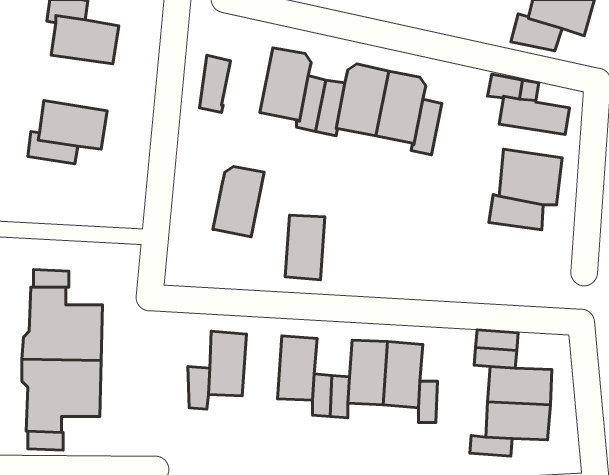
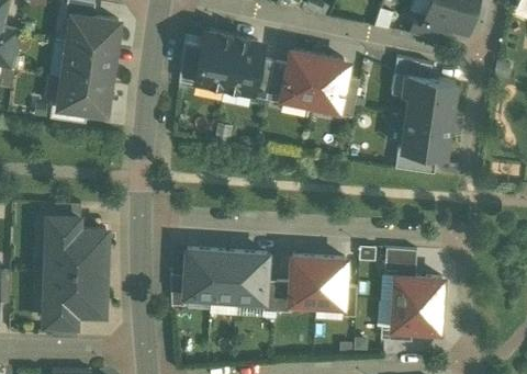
building: none -> [61,44,113,86]
building: none -> [405,97,451,121]
building: [213,166,264,237] -> [194,34,233,87]
building: [285,215,325,280] -> [210,252,239,301]

